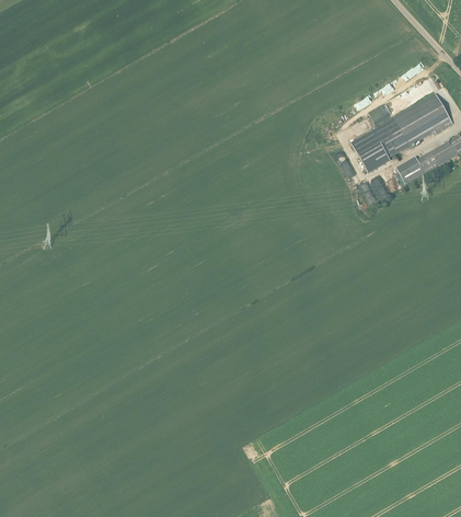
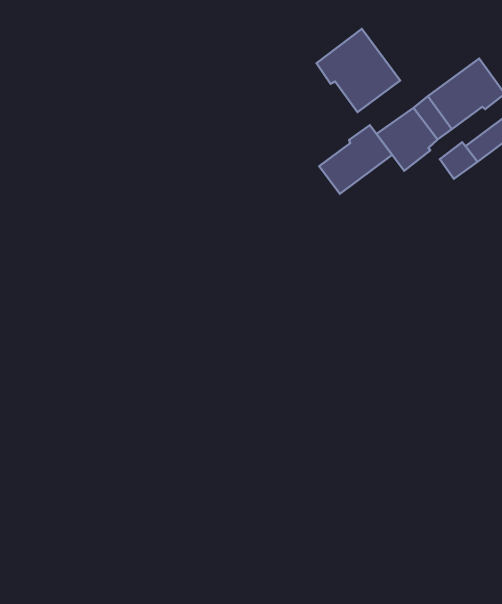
building: none -> [316,29,400,112]
building: none -> [319,125,392,194]

